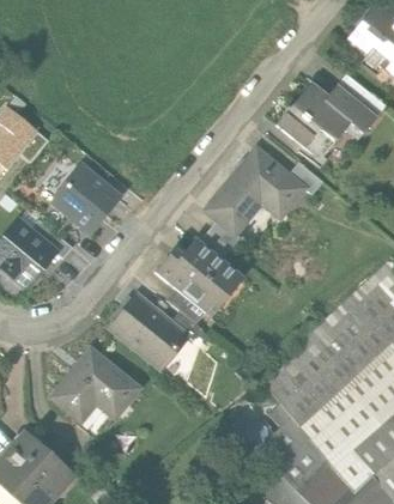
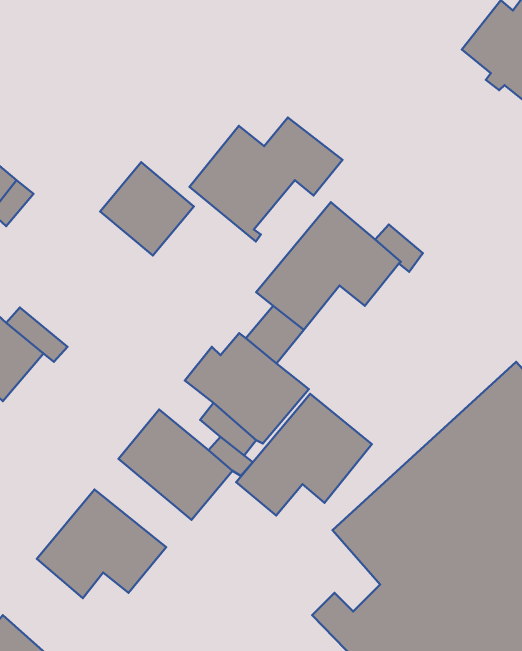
building: [277,75,384,163] -> [189,117,342,241]
building: [51,166,117,232] -> [100,162,194,256]
building: none -> [236,394,372,515]

